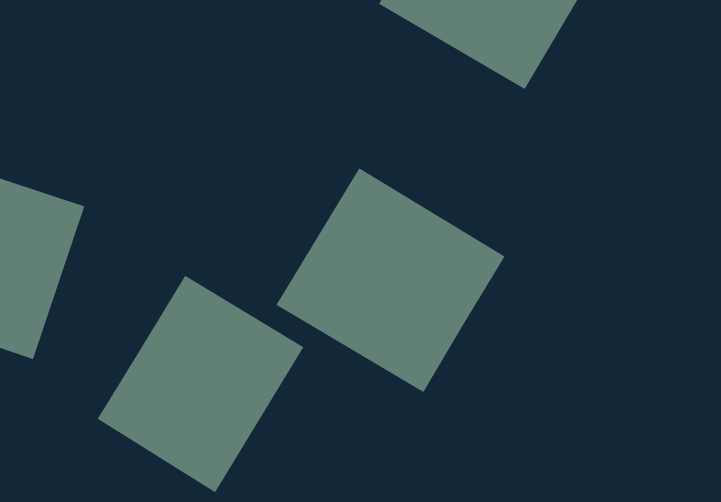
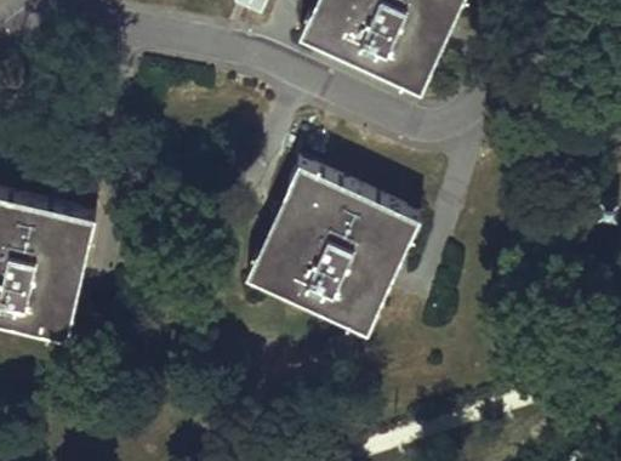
building: [97,275,304,493] -> none

